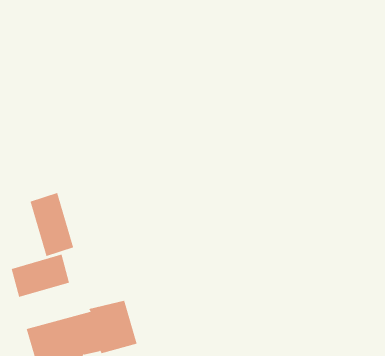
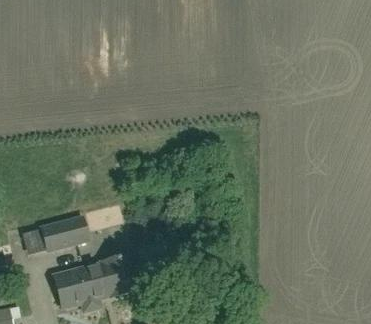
building: [30,192,74,257] -> none

